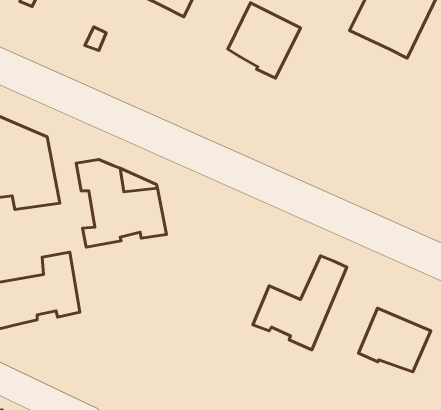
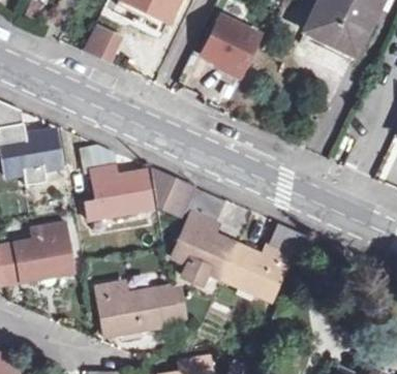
building: none -> [147,166,235,280]
building: [358,308,431,372] -> none
building: none -> [94,283,178,336]

